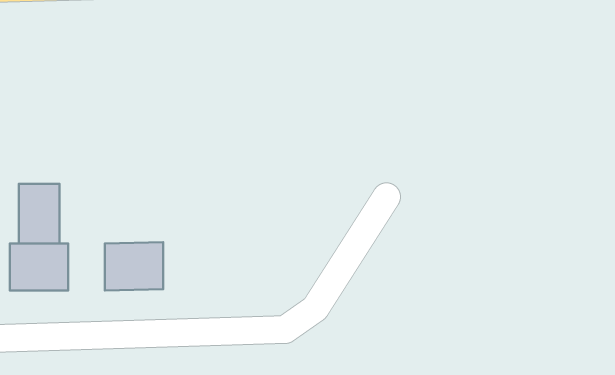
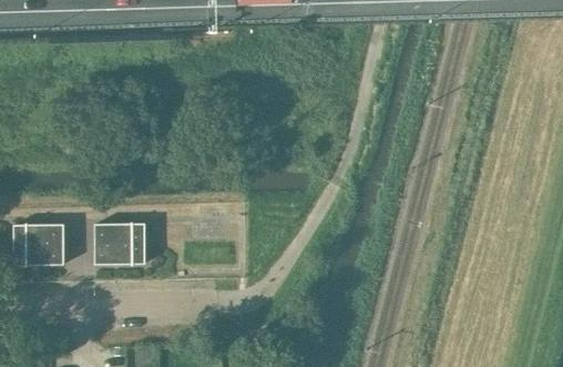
building: [19,184,60,243] -> none

